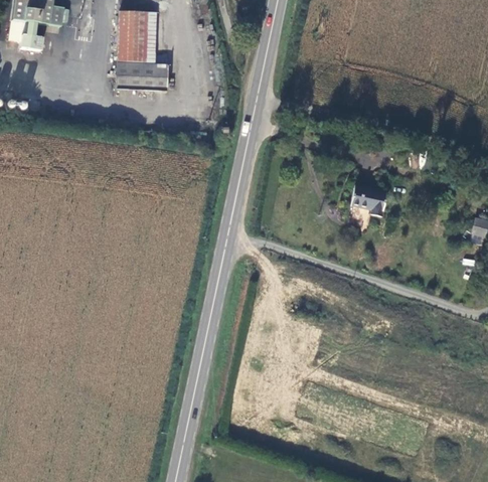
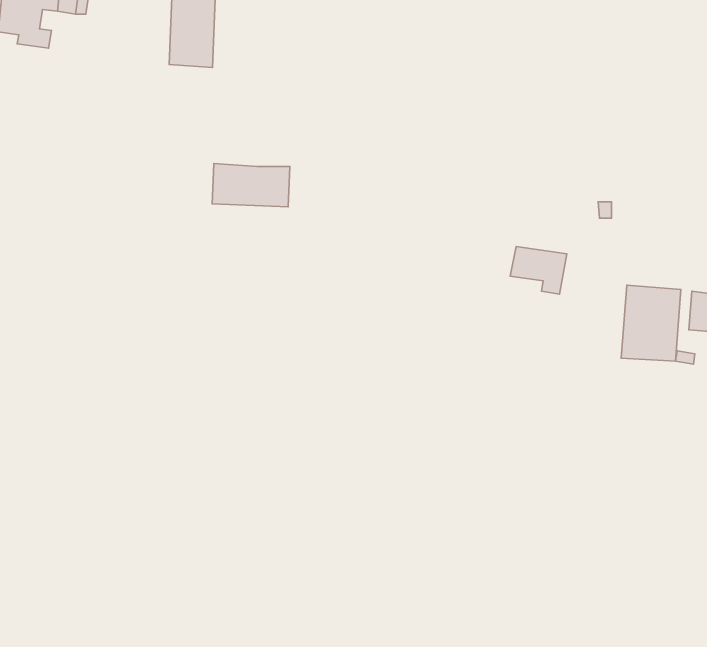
building: [120,60,172,90] -> [212,164,290,207]
building: none -> [621,285,681,361]

